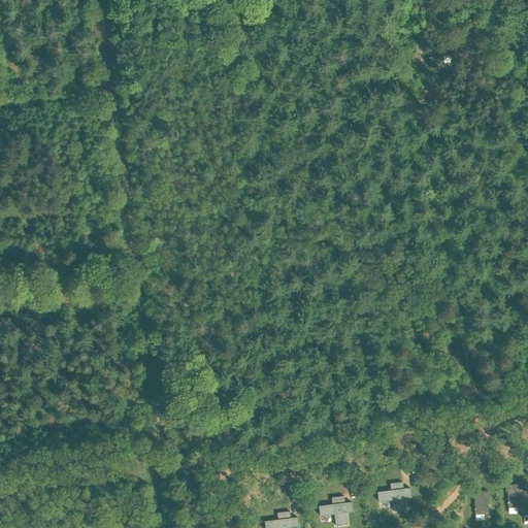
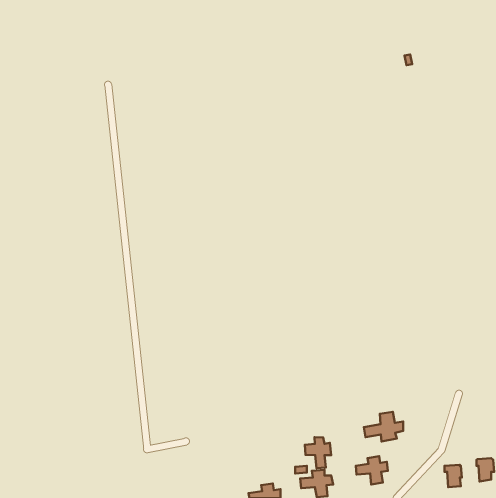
building: none -> [364,412,403,441]
building: none -> [305,437,331,468]

